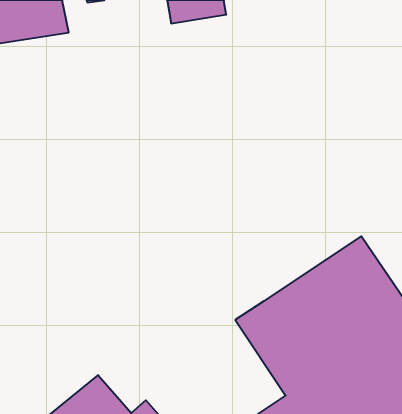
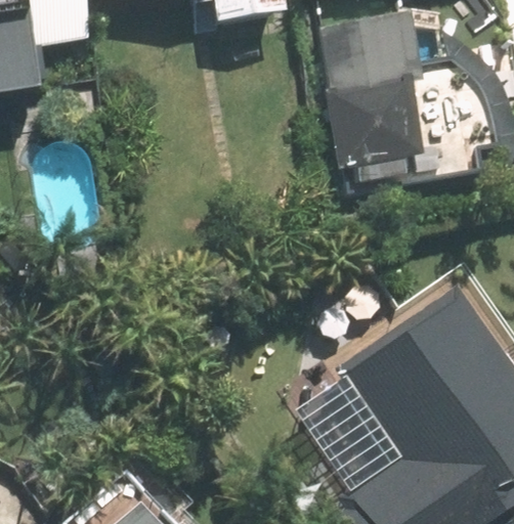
building: none -> [322,26,422,182]

